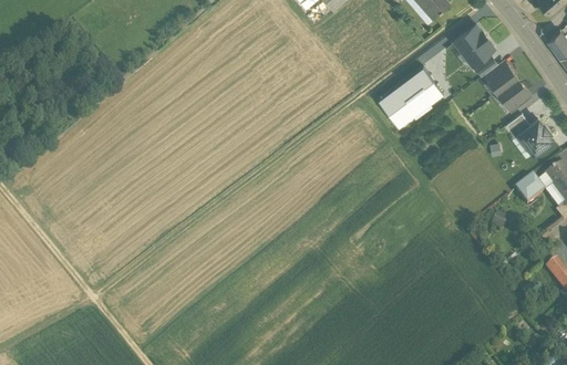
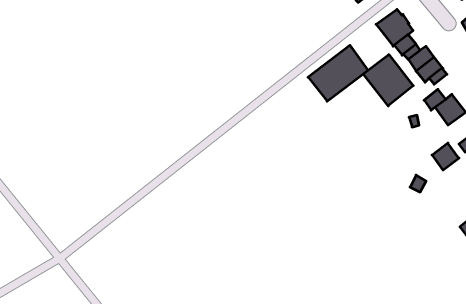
building: none -> [363,55,413,106]

